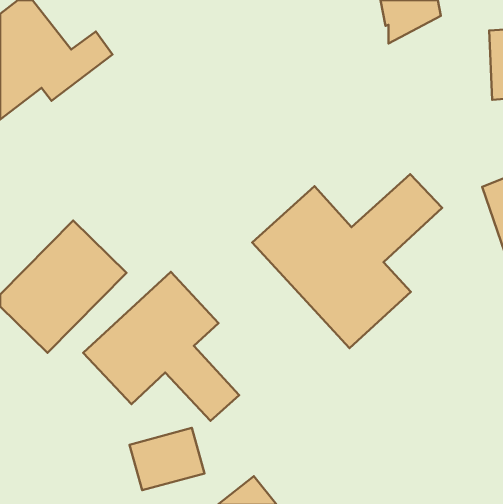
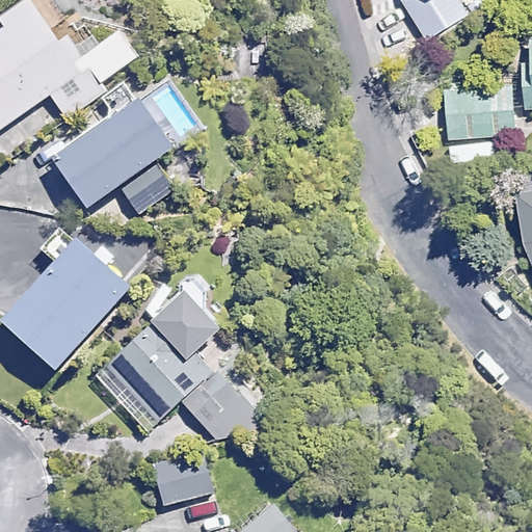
building: none -> [444,82,511,144]
building: none -> [48,86,196,216]
building: [252,174,442,348] -> none

